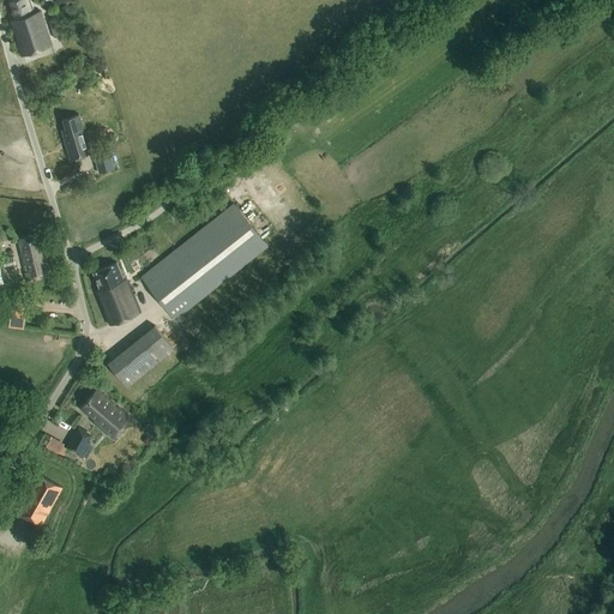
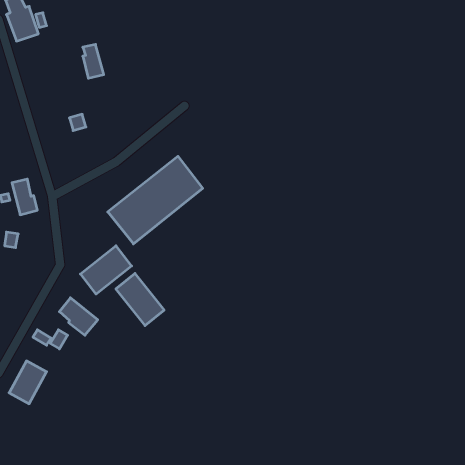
building: [61,113,89,157] -> [83,44,104,78]
building: [92,261,140,325] -> none
building: none -> [116,273,164,326]

